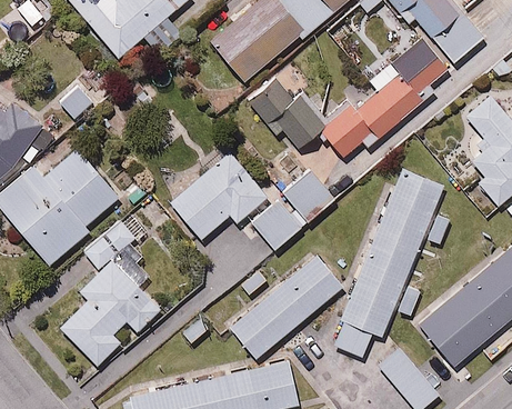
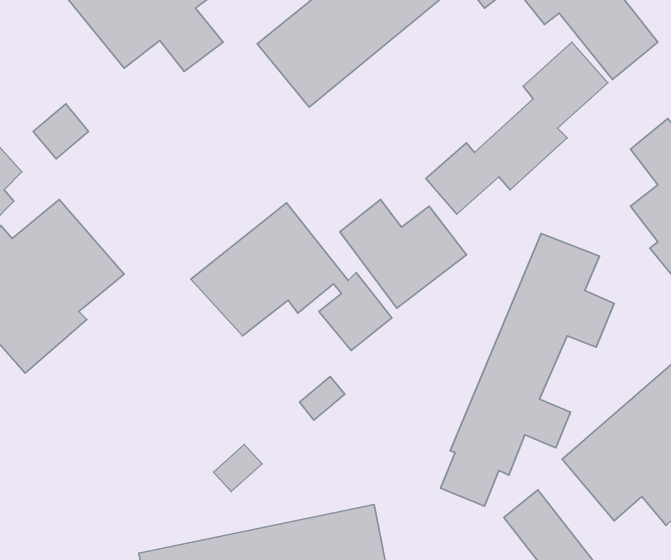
building: [249,79,325,149] -> none
building: [61,221,161,365] -> none
building: [225,252,343,359] -> none

